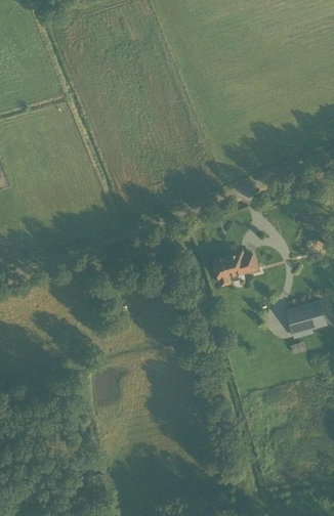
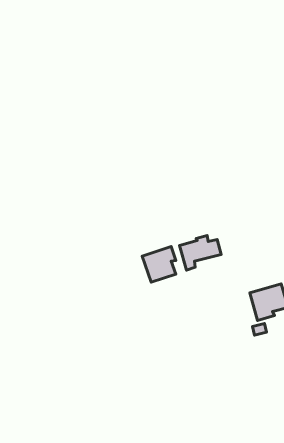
building: none -> [142,247,176,282]

